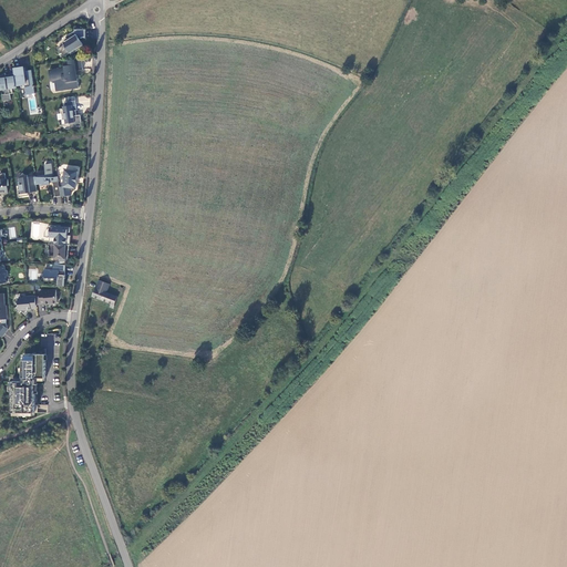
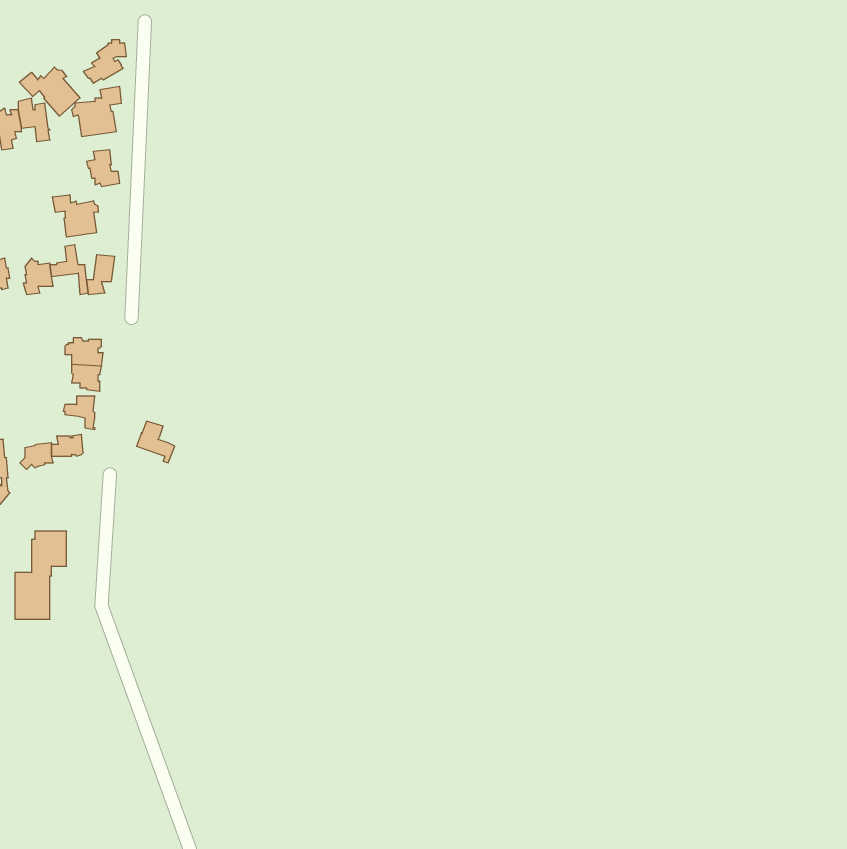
building: none -> [19,67,80,116]
building: none -> [53,195,98,237]

